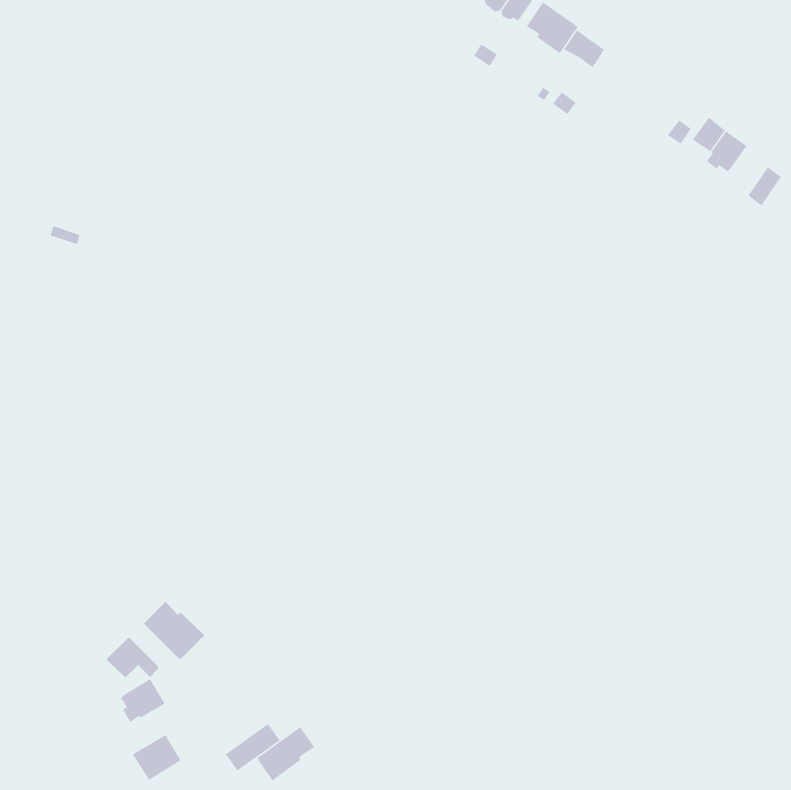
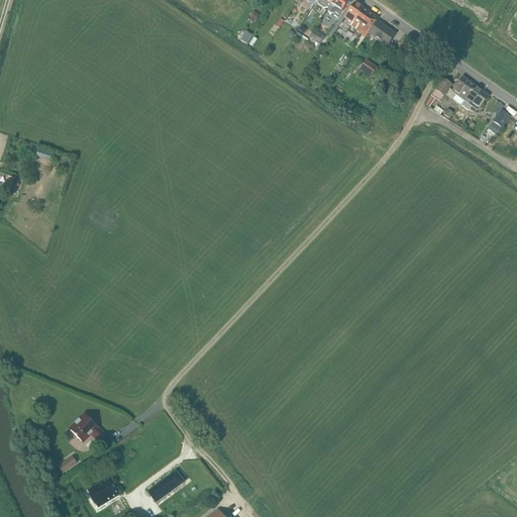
building: [143,601,205,660] -> none
building: [120,678,165,723] -> none
building: [256,726,315,781] -> none

